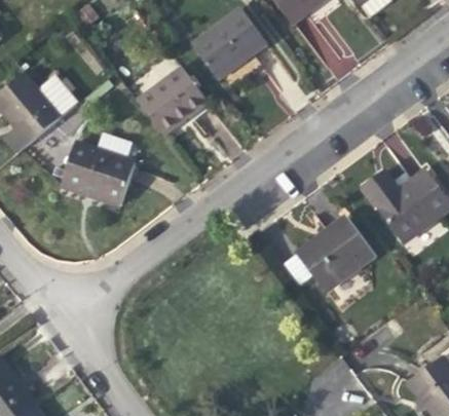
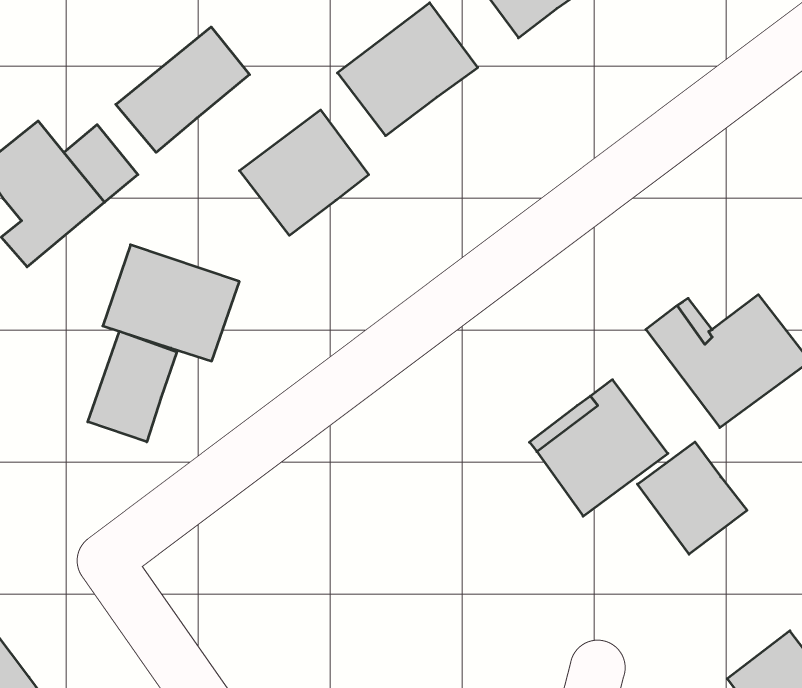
building: none -> [116,27,250,152]
building: none -> [88,331,177,442]
building: none -> [637,442,747,554]

